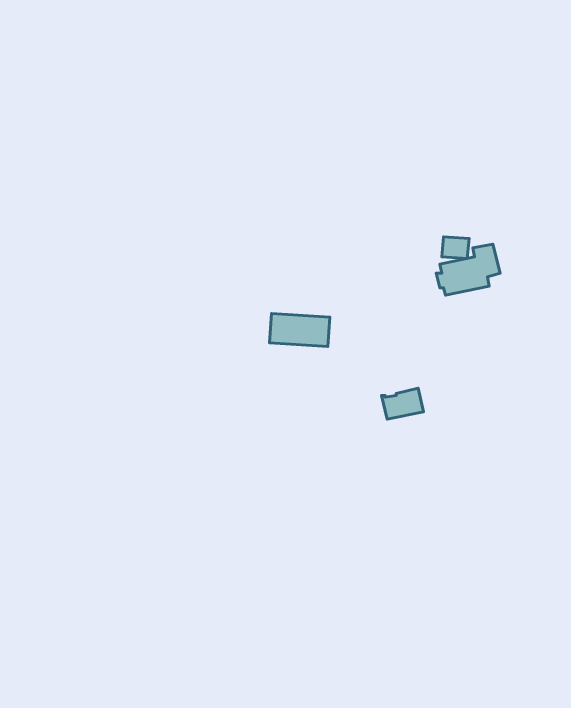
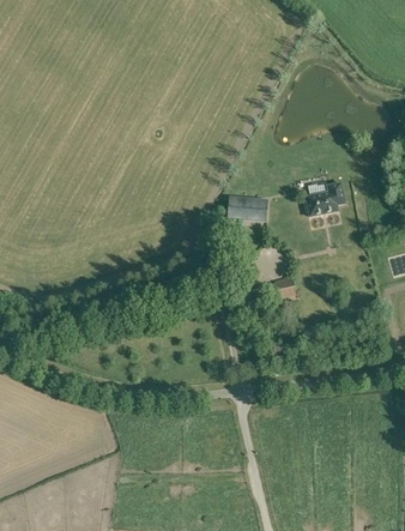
building: [270,314,330,346] -> [228,199,267,221]

